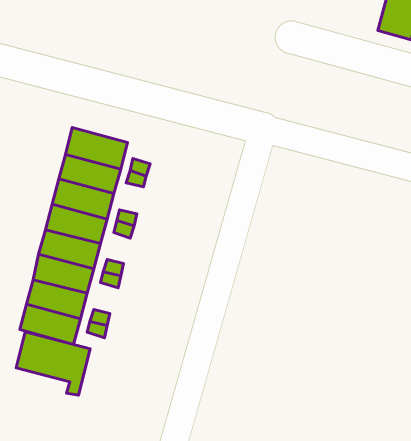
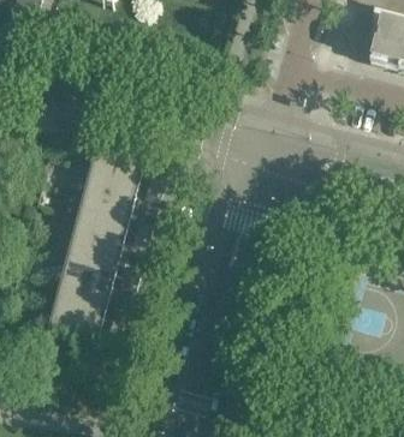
building: [16,332,90,395] -> none

